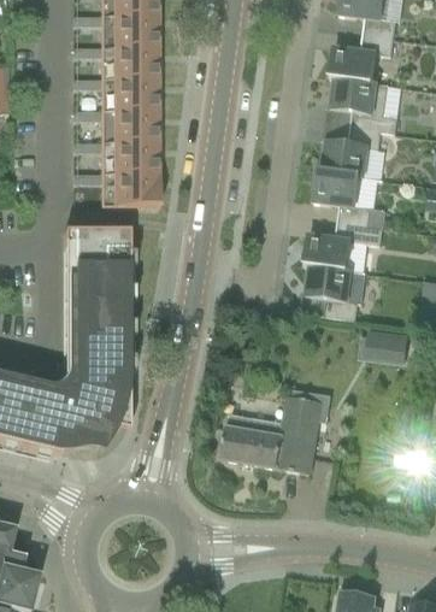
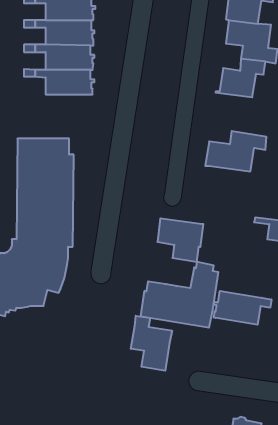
building: [314,171,385,228] -> none
building: [87,173,163,206] -> none
building: [306,265,365,320] -> [157,218,203,262]
building: none -> [214,291,271,325]
building: none -> [131,316,172,371]

